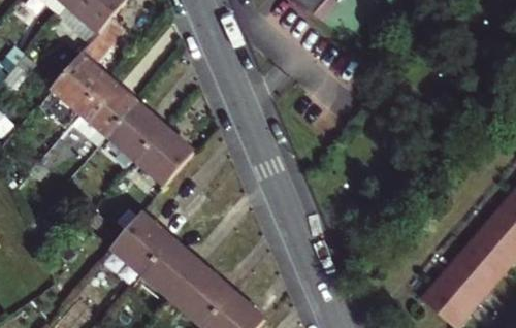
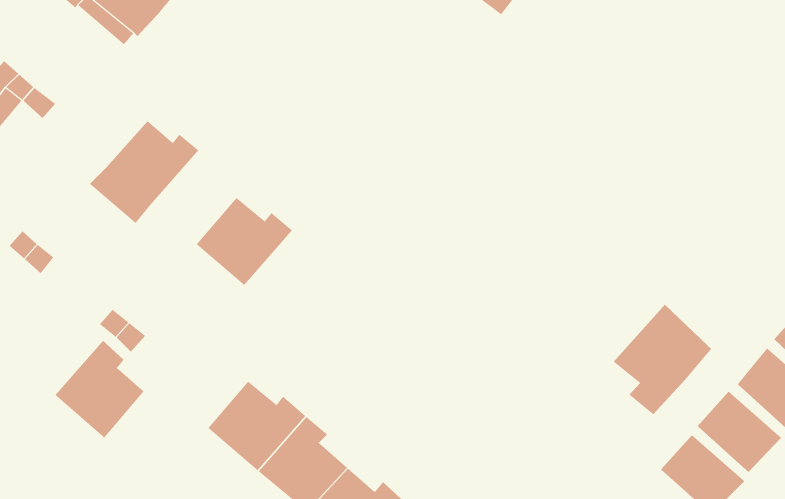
building: [51,14,124,110] -> none
building: [107,100,160,158] -> none
building: none -> [613,304,712,415]
building: [111,210,167,271] -> [54,340,145,438]

